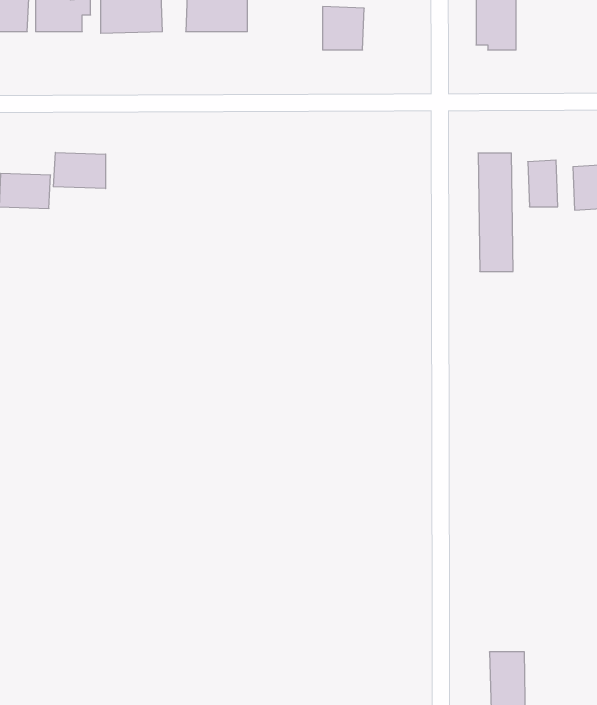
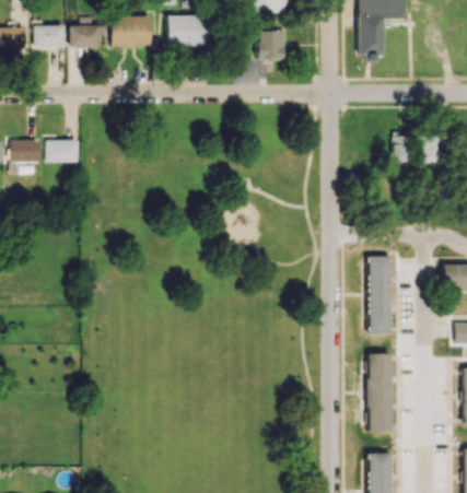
building: [53,152,106,189] -> none
building: [478,153,513,271] -> [369,256,392,333]
building: none -> [367,353,393,432]

